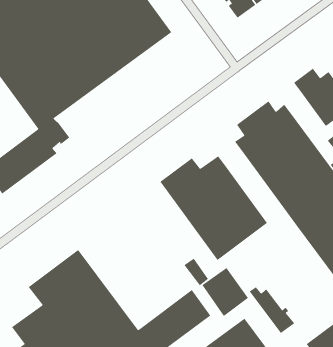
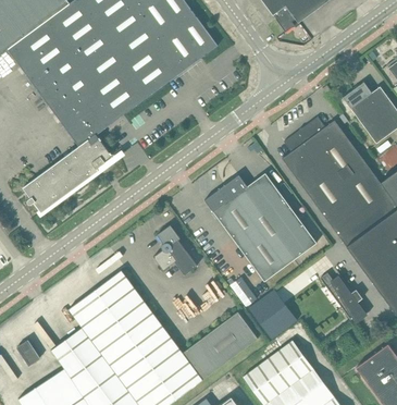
building: none -> [153,225,197,274]
building: [249,286,295,334] -> [320,273,368,322]

